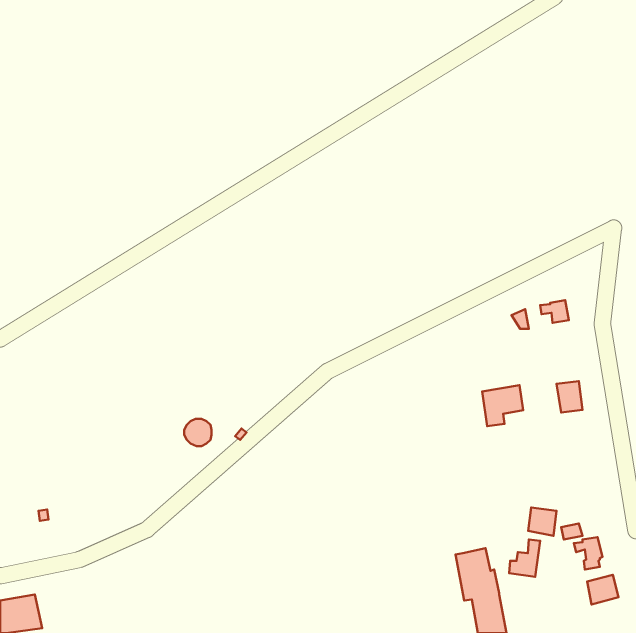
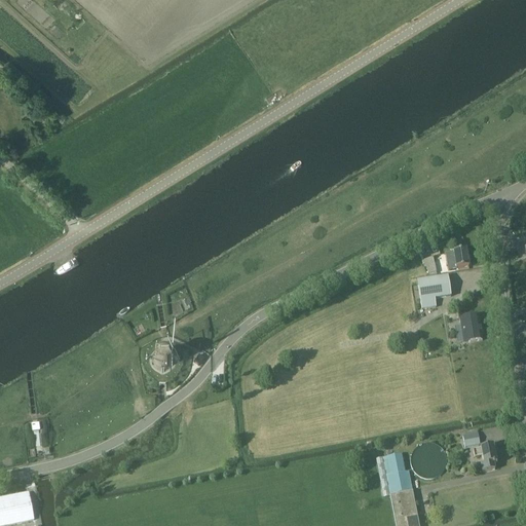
building: [482,385,523,426] -> [417,273,451,307]
building: [528,507,556,536] -> none
building: [587,575,618,604] -> none

